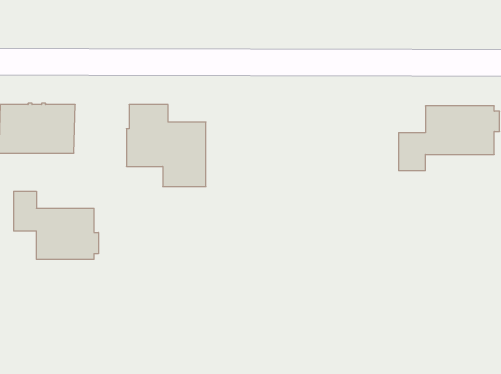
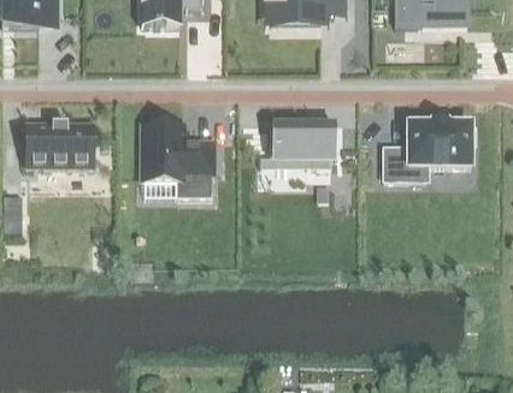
building: none -> [270,124,332,167]
building: [14,191,98,259] -> none

